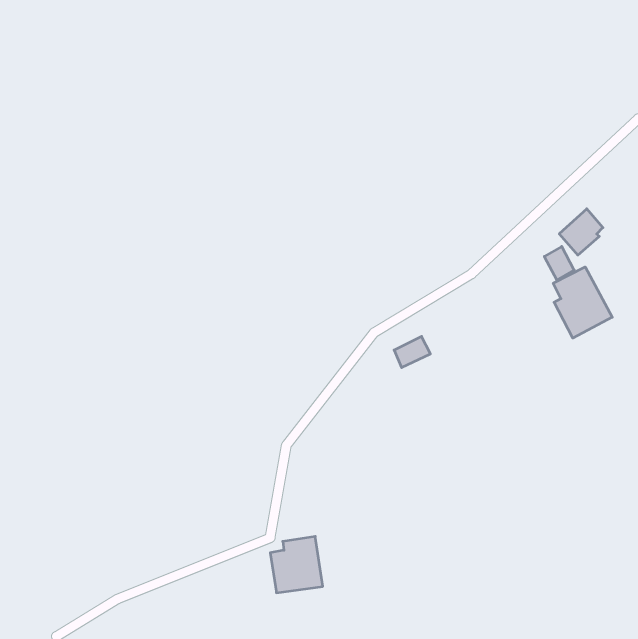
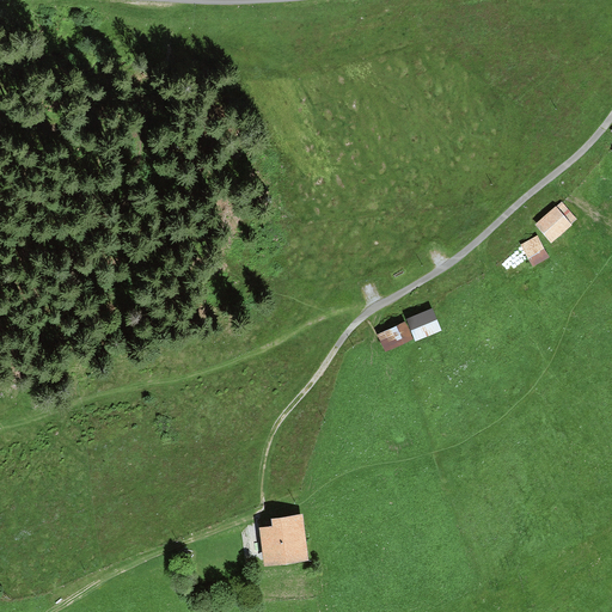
building: [553,267,612,338] -> none
building: none -> [405,308,441,341]

